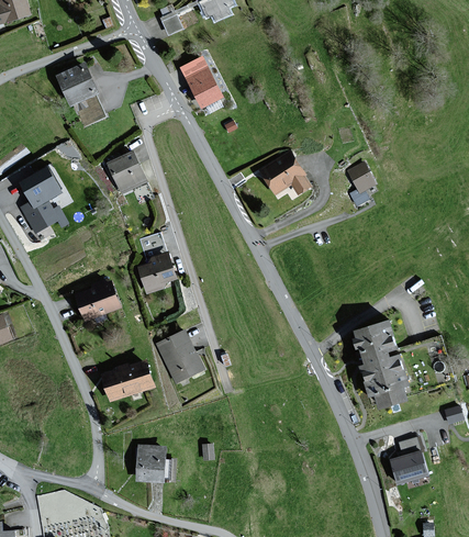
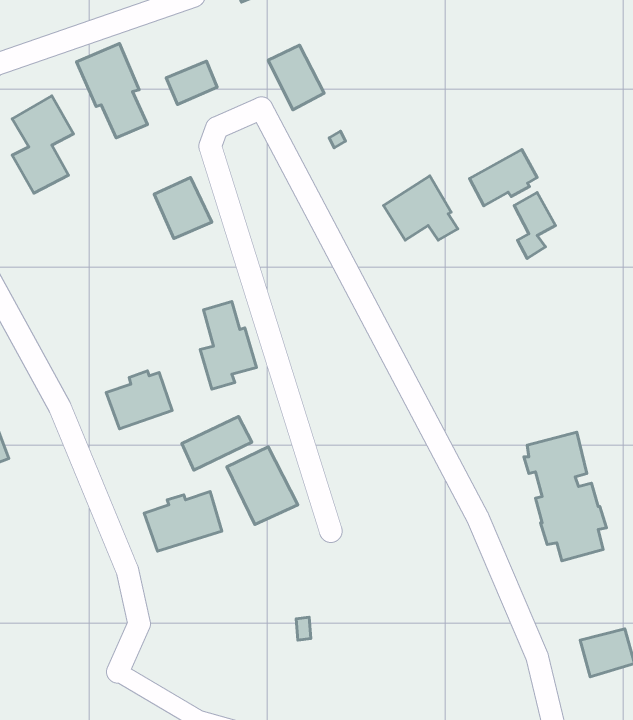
building: none -> [166,61,217,105]
building: none -> [470,150,537,206]
building: [20,167,60,232] -> [12,96,73,193]
building: none -> [182,417,252,470]
building: [136,445,165,481] -> none

